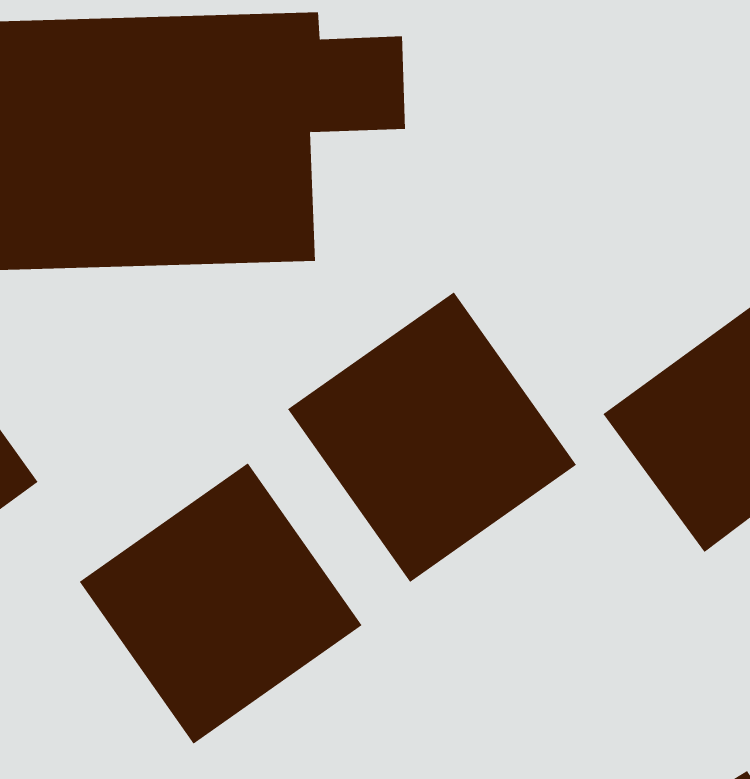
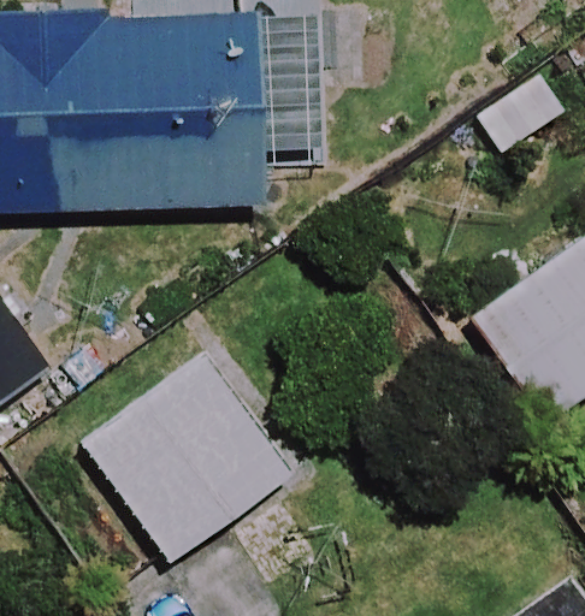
building: [287,292,577,583] -> none

